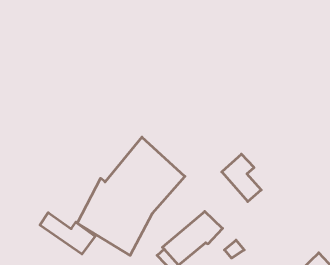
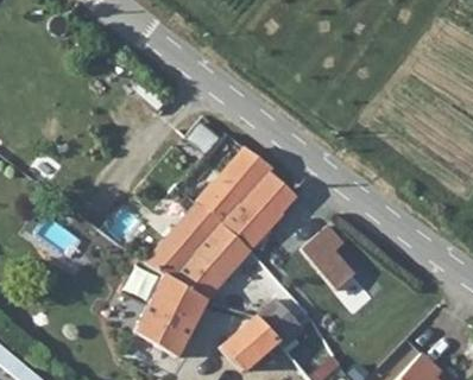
building: none -> [194,145,295,253]
building: [40,213,95,254] -> none

